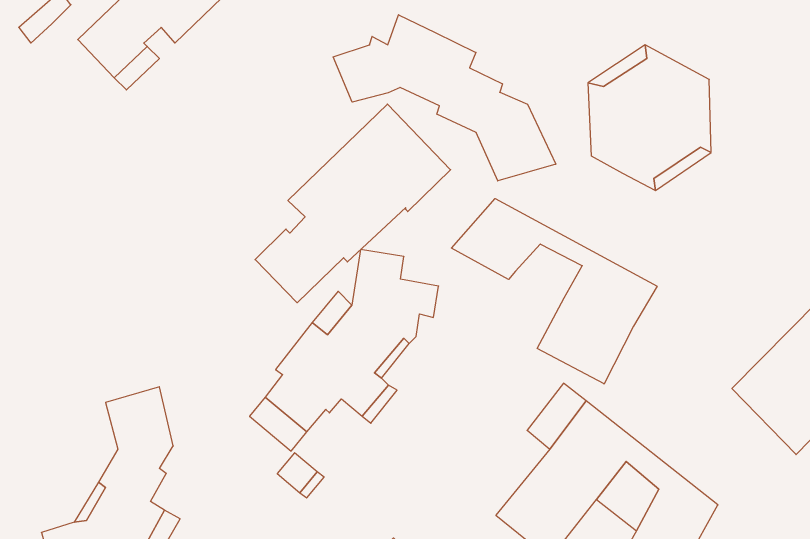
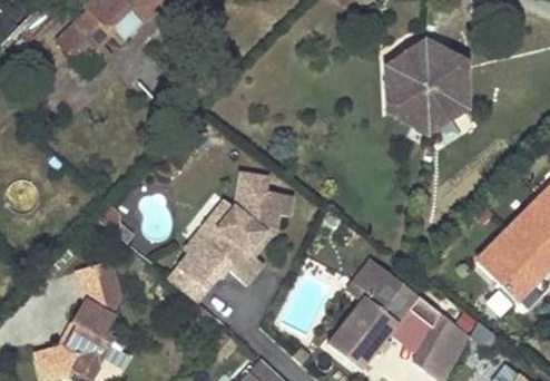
building: [333,15,556,181] -> none
building: [255,104,451,303] -> none
building: [451,199,657,384] -> none

